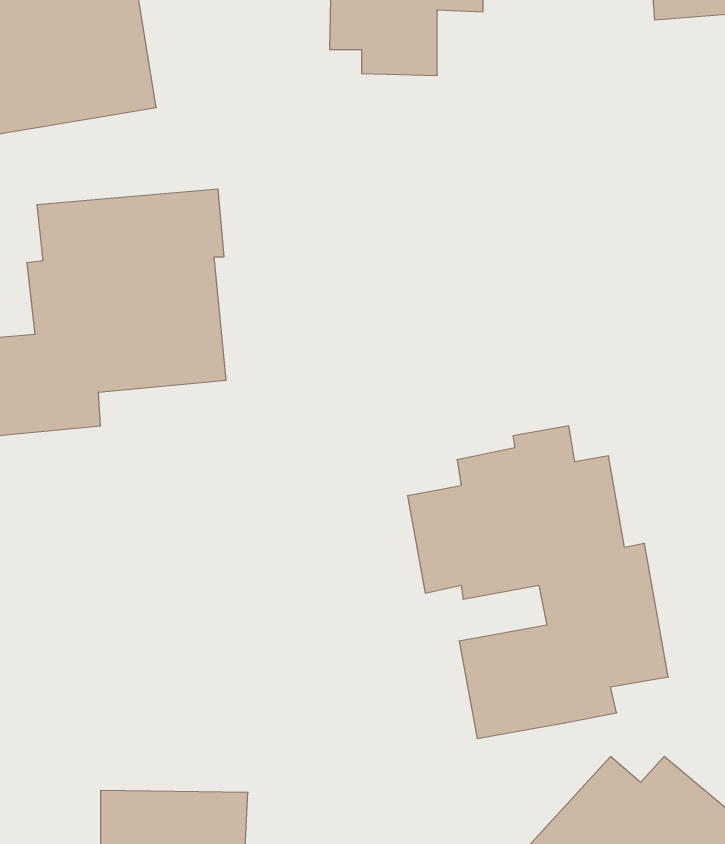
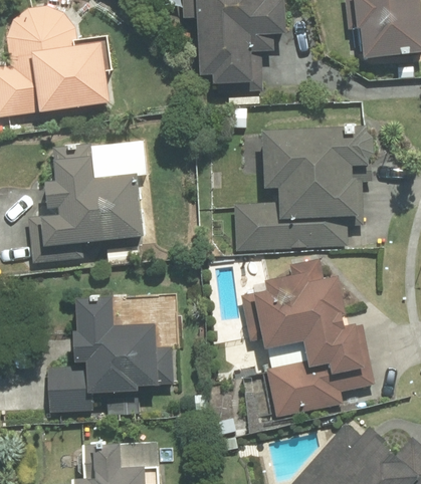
building: none -> [235,129,369,253]
building: none -> [46,294,158,412]

